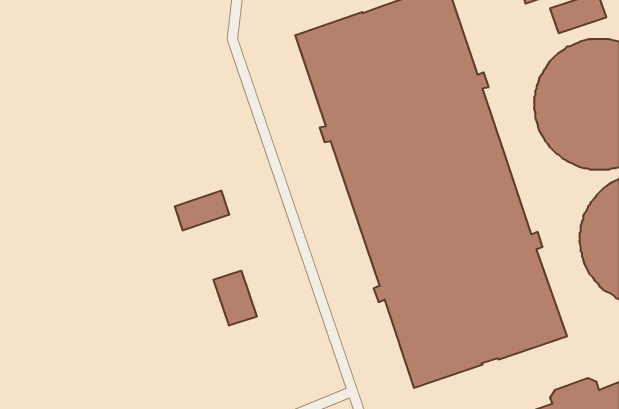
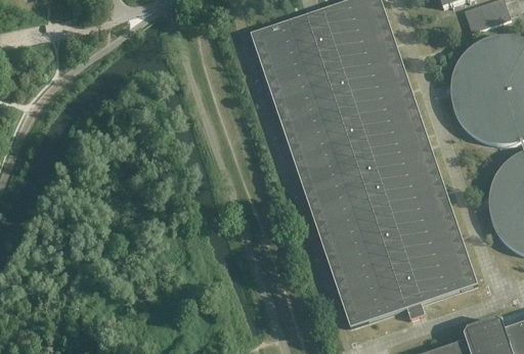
building: [175,191,229,231] -> none
building: [213,271,257,326] -> none

